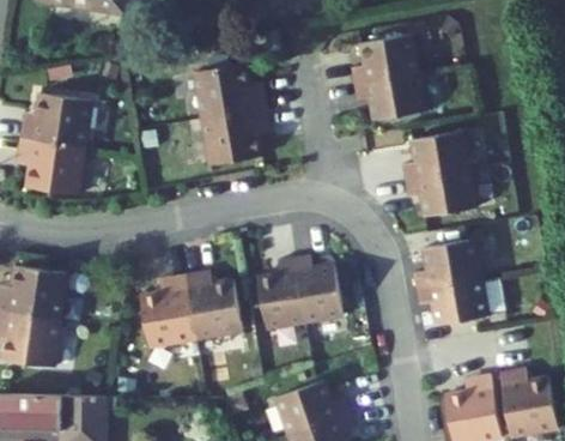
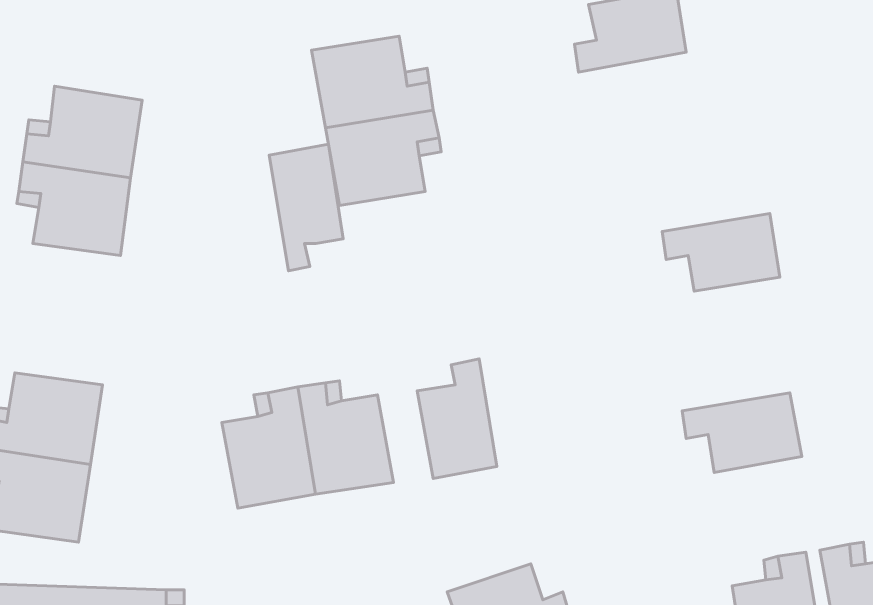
building: [353,73,425,121] -> none
building: none -> [269,144,343,271]
building: [401,132,468,181] -> none
building: [413,240,480,289] -> none
building: [293,255,342,322] -> none

